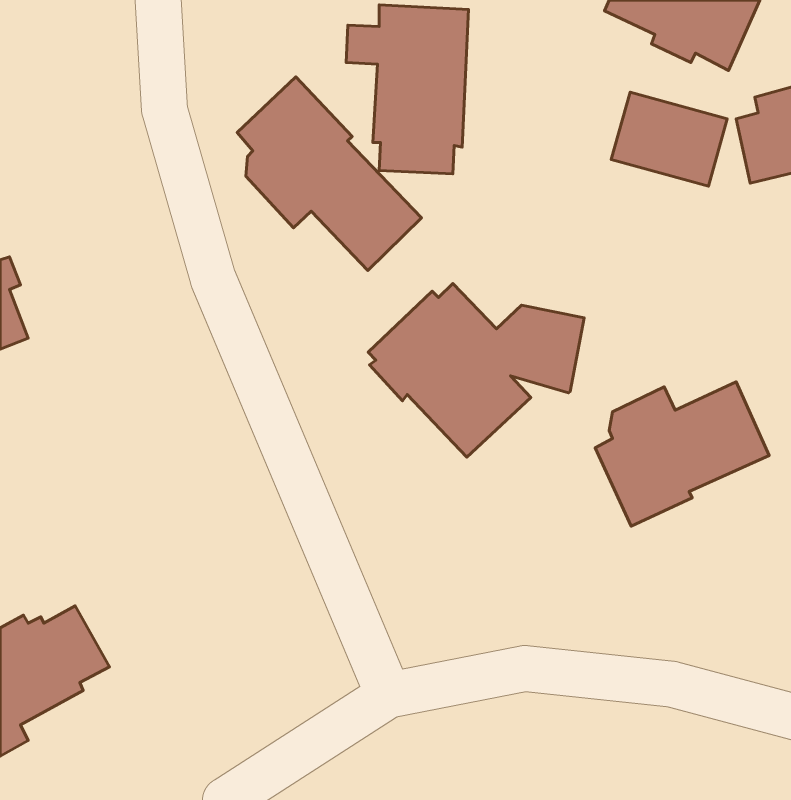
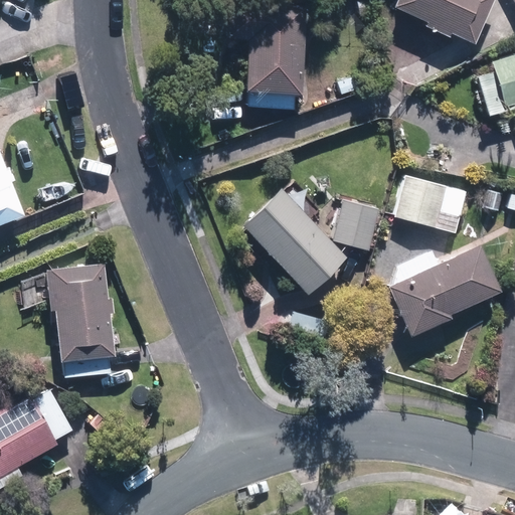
building: [237,77,422,271] -> none
building: [611,92,727,186] -> [394,174,469,234]
building: none -> [46,263,116,362]

